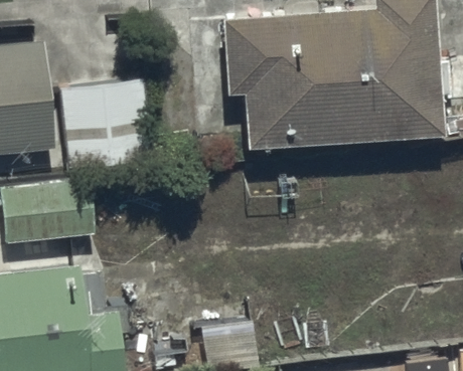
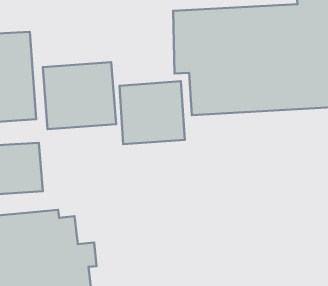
building: none -> [119,81,185,144]

